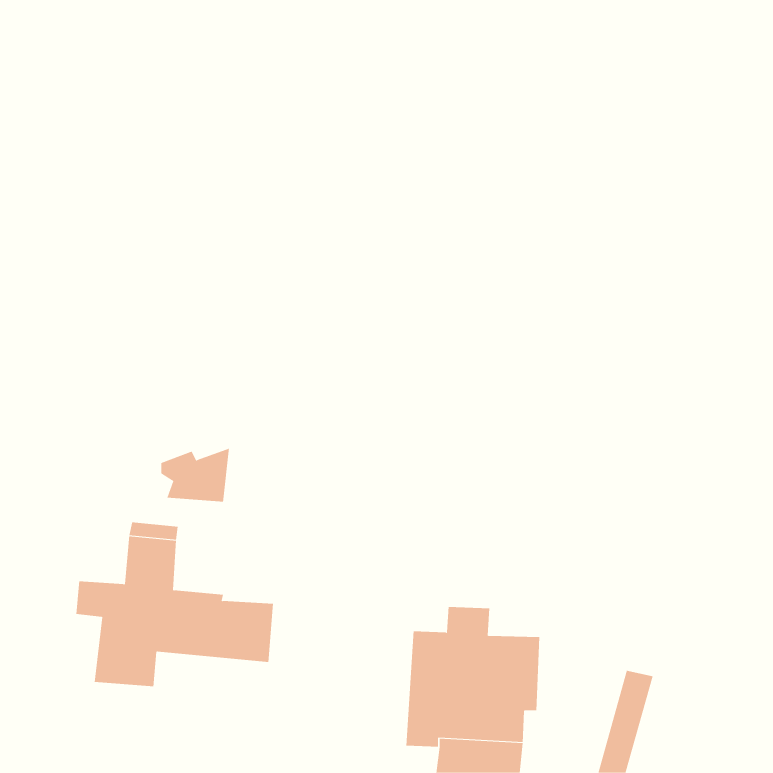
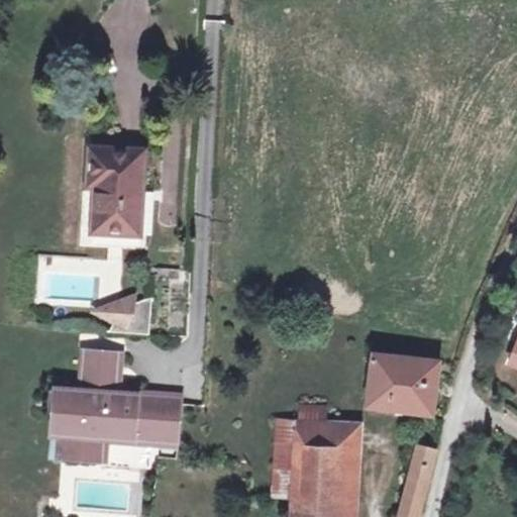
building: none -> [87,148,144,237]
building: none -> [368,353,439,413]

